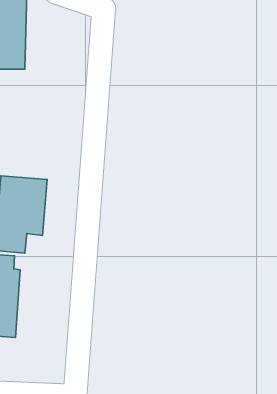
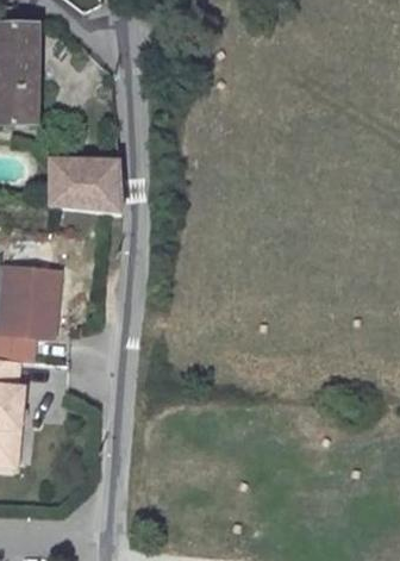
building: none -> [48,160,119,214]

